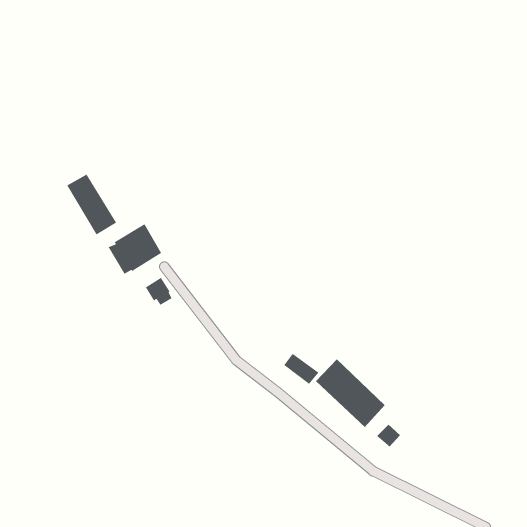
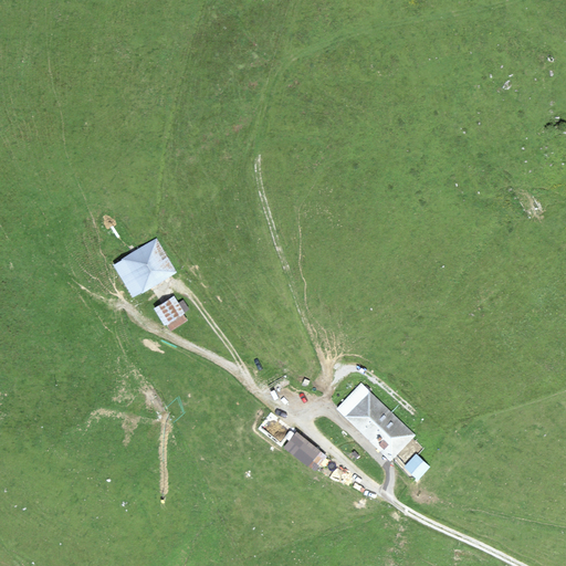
building: [66,173,117,236] -> none
building: [283,353,319,385] -> [285,433,324,468]

